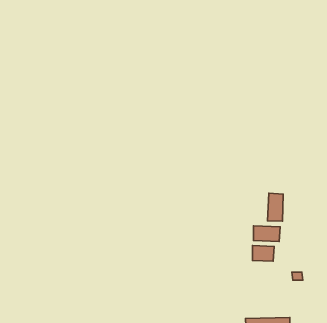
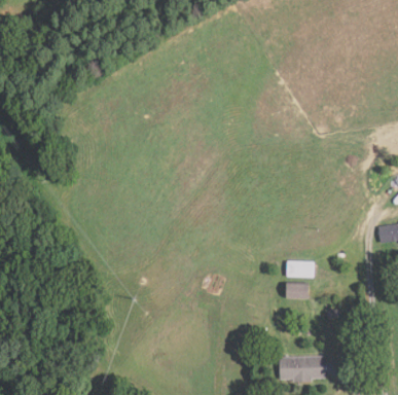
building: [268,193,283,221] -> none

